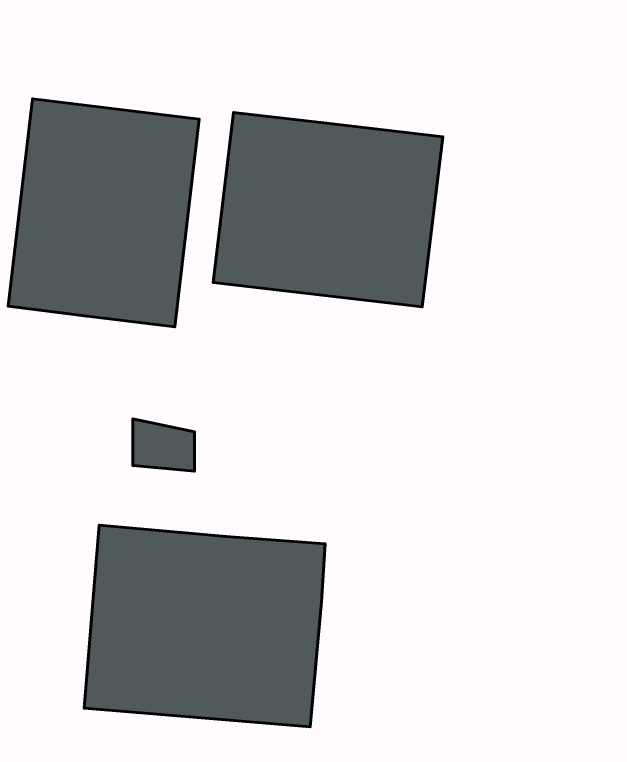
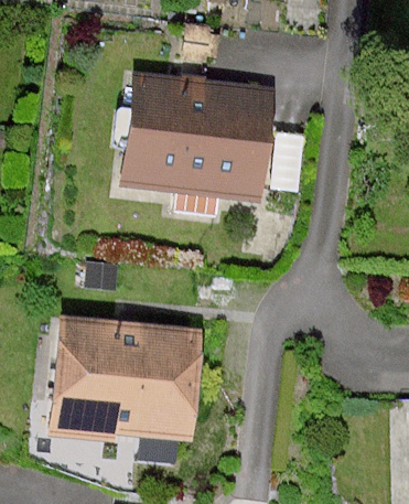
building: [8,99,199,327] -> none

